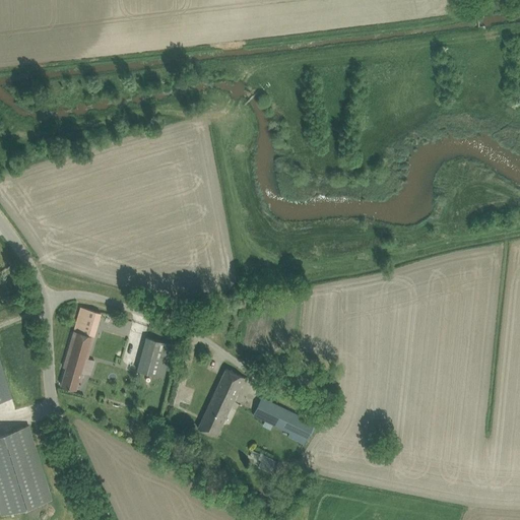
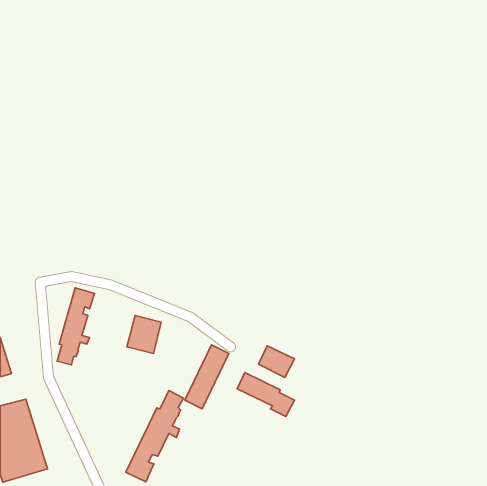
building: none -> [258,346,294,378]
building: none -> [126,391,183,482]

